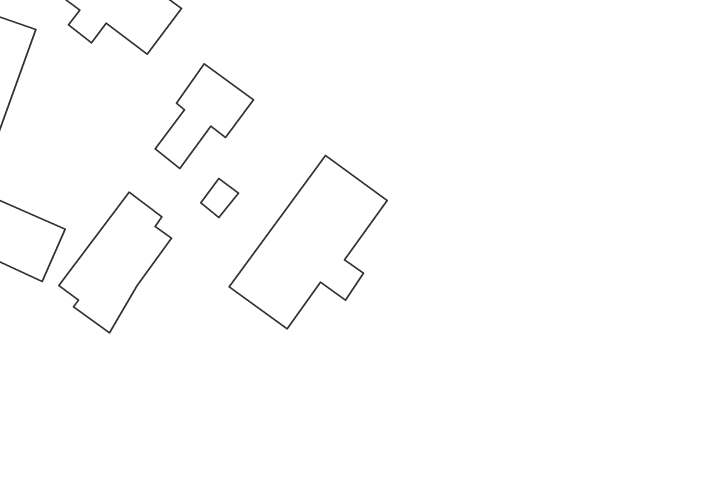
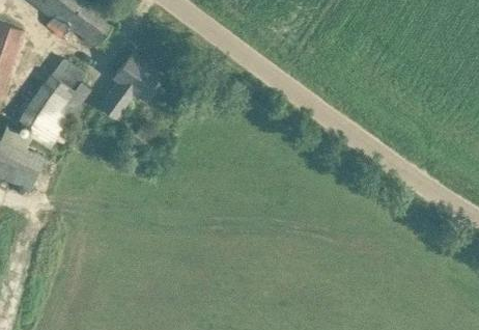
building: [229,155,387,329] -> none
building: [59,192,172,333] -> [18,59,89,148]

